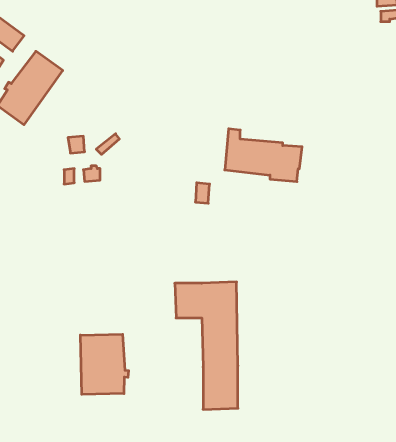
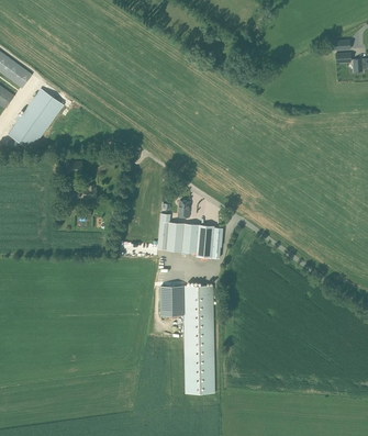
building: [225,129,302,182] -> [156,213,222,258]
building: [80,334,129,394] -> none

